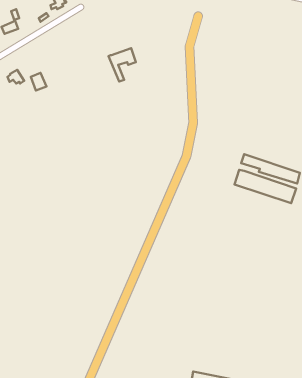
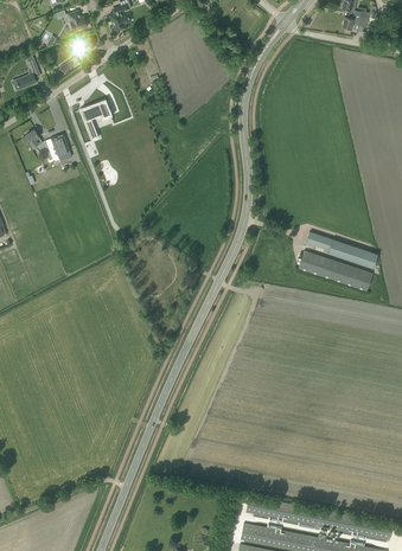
building: [109,48,136,82] -> [78,100,111,140]

